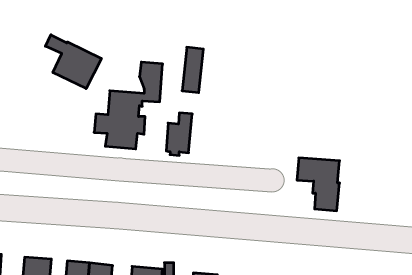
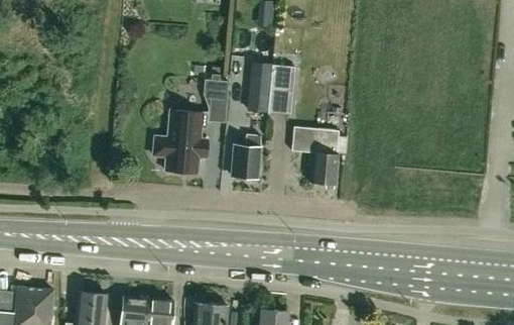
building: [45,35,101,89] -> none
building: none -> [268,64,295,113]
building: [297,158,340,211] -> [290,127,337,185]

